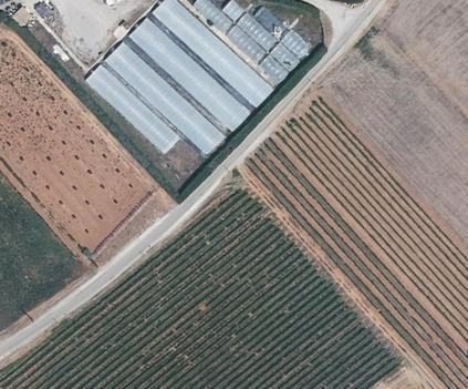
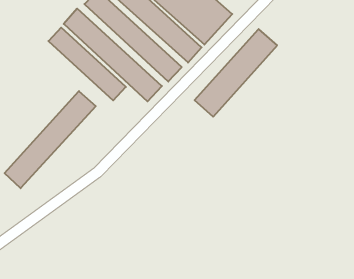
building: none -> [195,29,277,117]
building: none -> [5,91,96,188]

